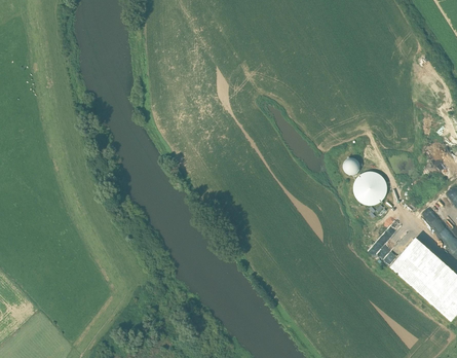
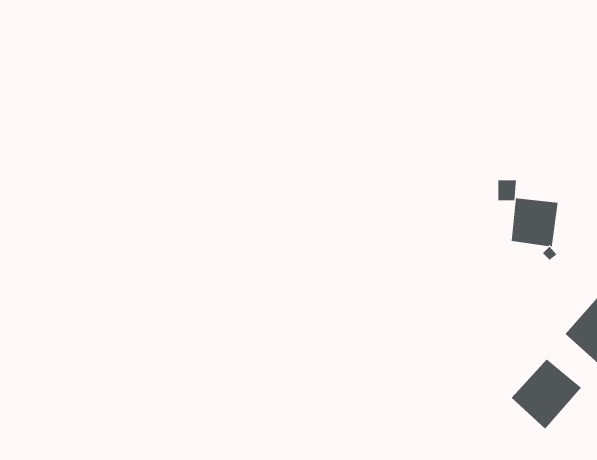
building: none -> [511,359,582,429]

